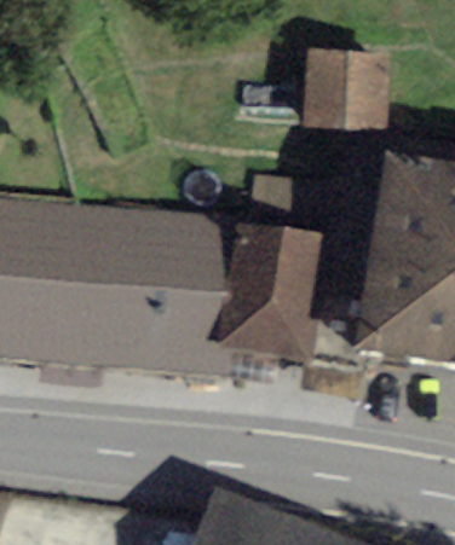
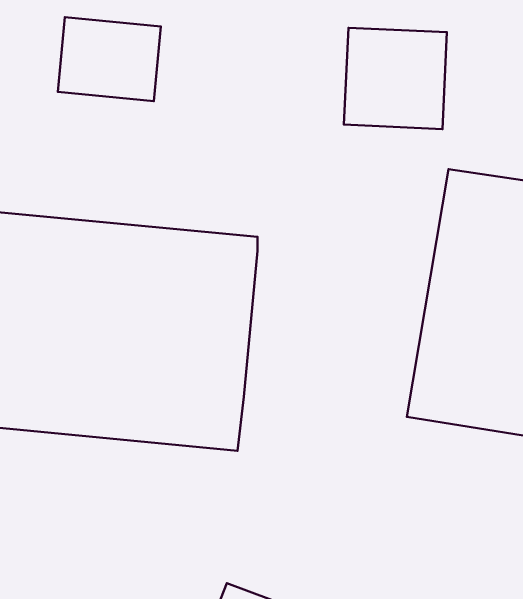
building: none -> [58,17,161,101]
building: [227,225,324,348] -> none

